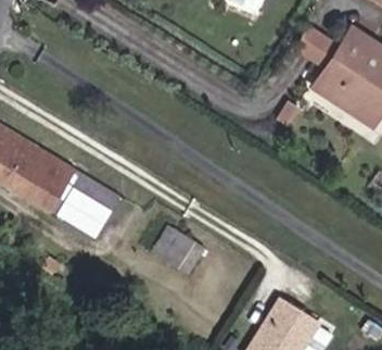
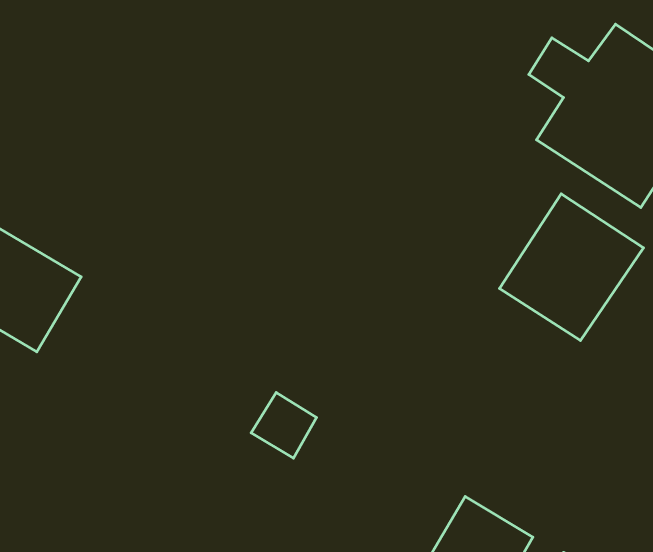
building: none -> [500,194,643,341]
building: [30,166,105,238] -> none

